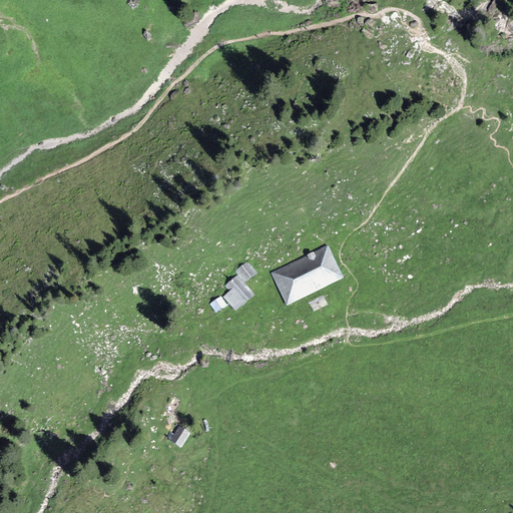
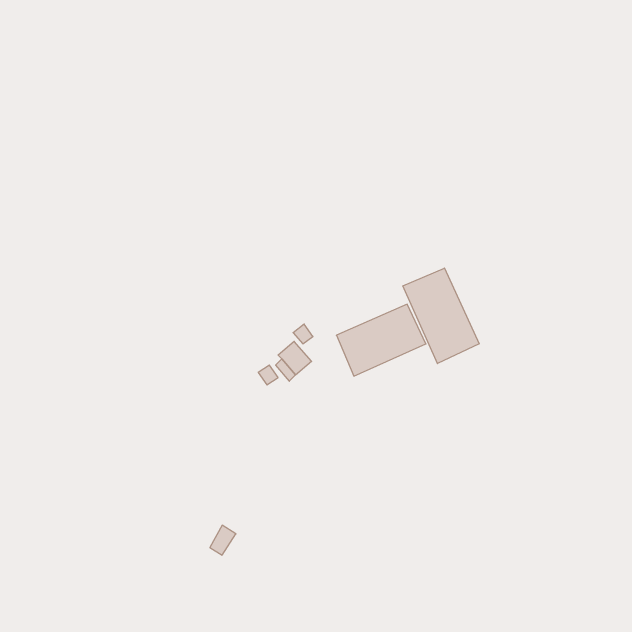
building: none -> [403,268,479,364]

